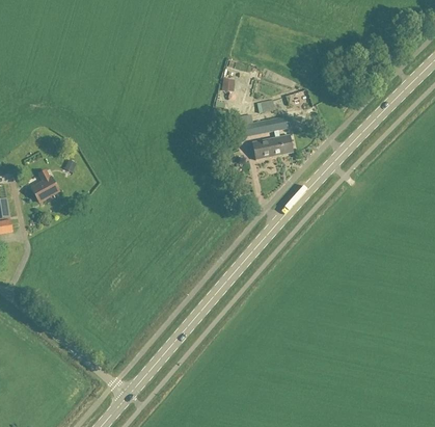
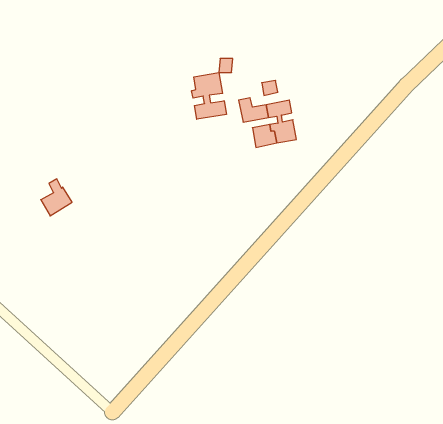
building: none -> [192,72,226,119]
building: [30,168,58,202] -> [41,179,72,216]

